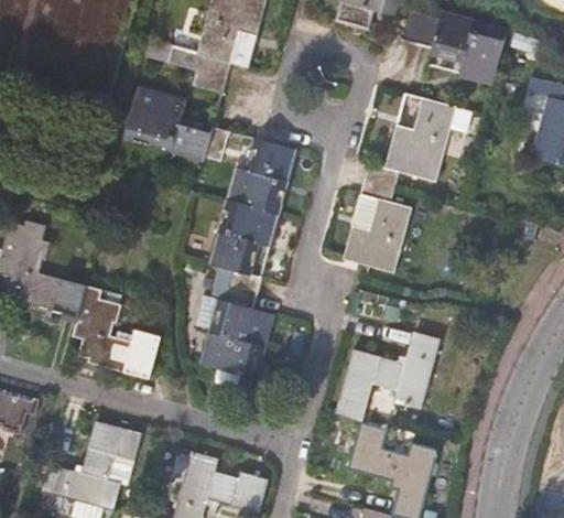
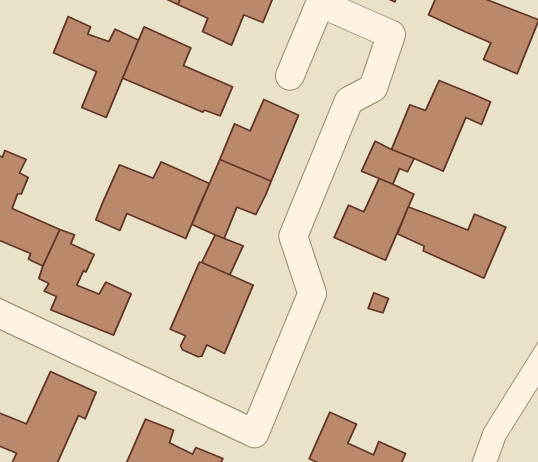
building: none -> [54,17,138,118]
building: none -> [96,162,210,239]
building: none -> [397,207,506,278]
building: [334,331,440,421] -> none

